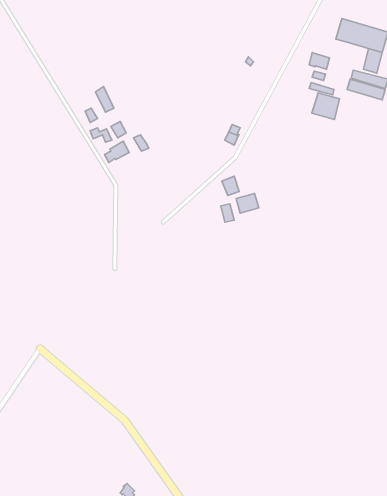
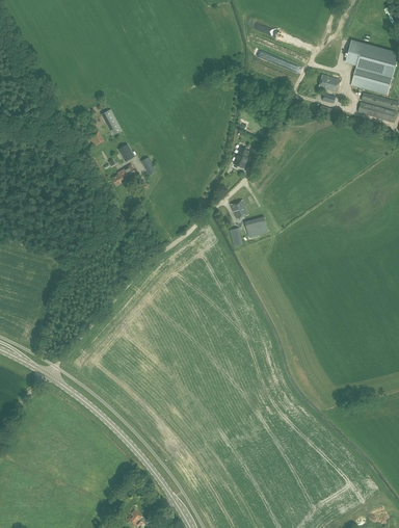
building: [312,93,340,119] -> [350,63,378,90]

